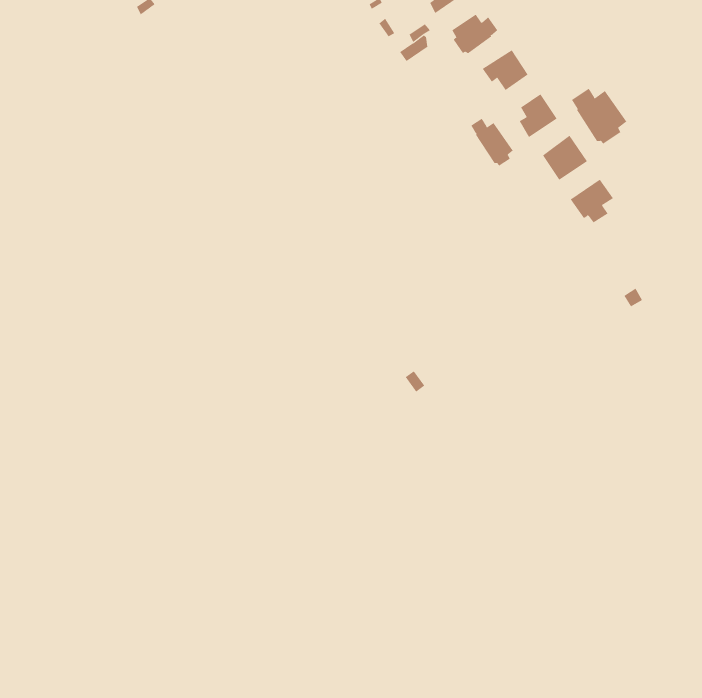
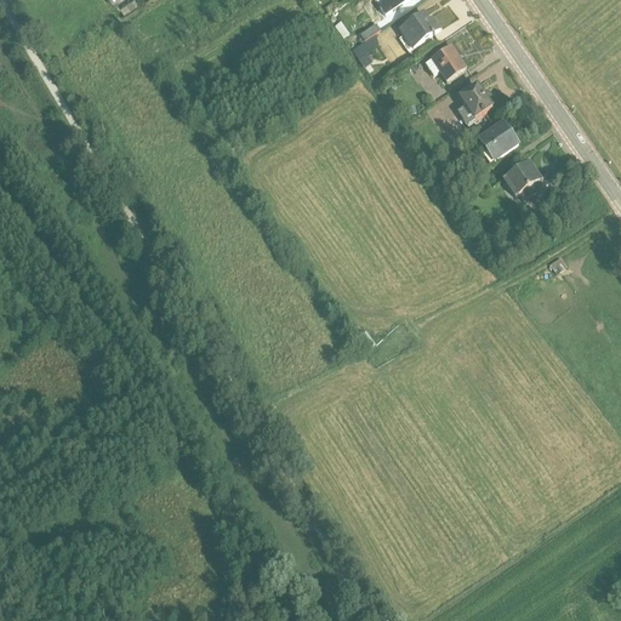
building: [571,88,627,144] -> none
building: [471,118,513,167] -> none

